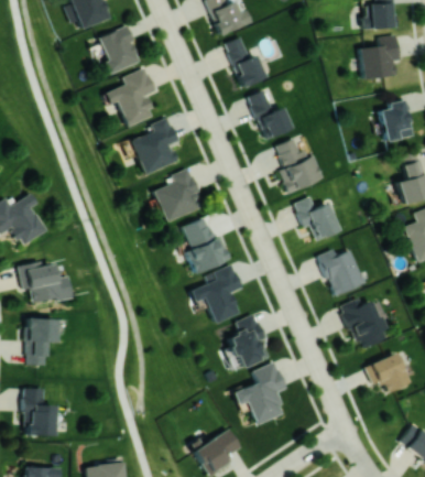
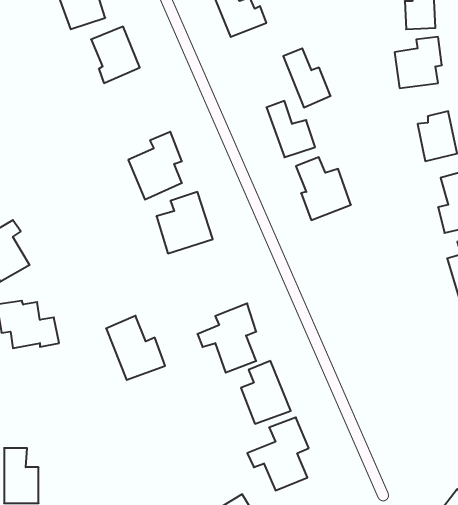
building: [226,37,266,88] -> [283,48,331,107]
building: [105,68,155,127] -> none
building: [295,197,339,240] -> none
building: [179,217,230,272] -> [106,316,165,380]
building: [318,249,367,296] -> none
building: [342,299,389,349] -> none
building: [26,317,56,366] -> none
building: [367,354,408,392] -> none

